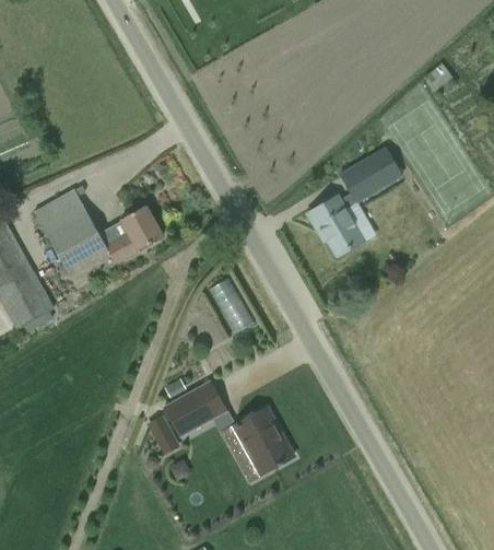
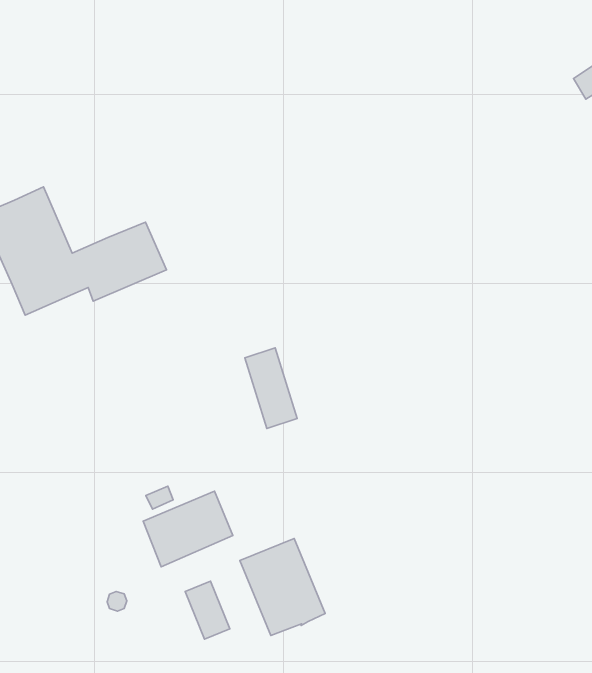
building: [339,148,401,202] -> none
building: [306,196,363,256] -> none
building: [146,414,179,454] -> [185,581,230,639]

